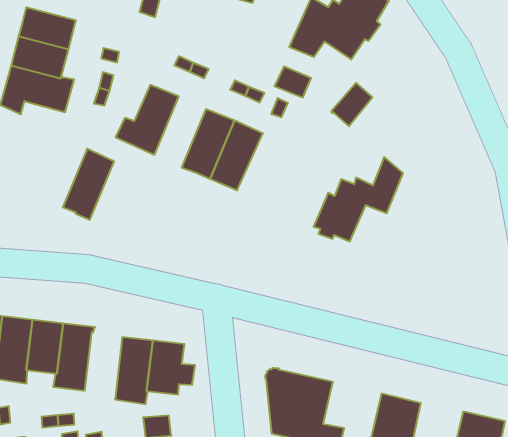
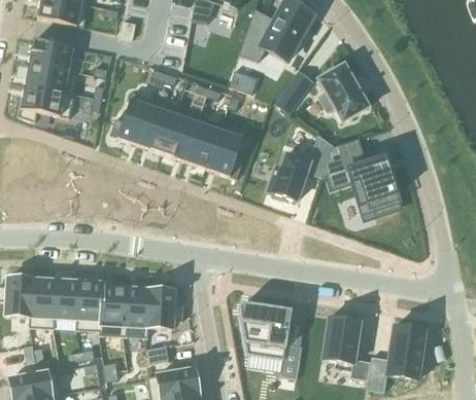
building: none -> [317,64,368,120]
building: none -> [206,122,245,178]
building: [63,149,114,220] -> [140,99,177,153]
building: none -> [322,140,401,214]
building: none -> [99,285,126,335]

